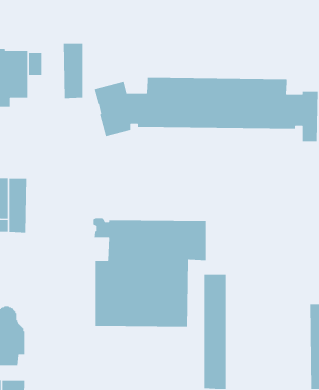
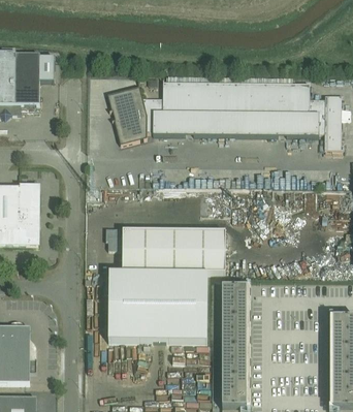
building: [63,41,83,99] -> none

